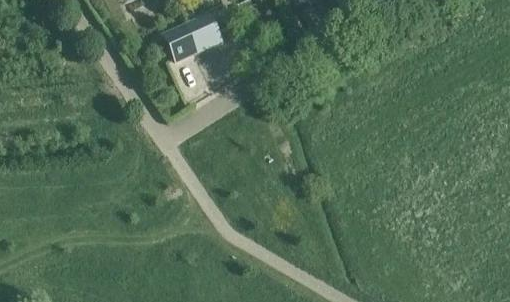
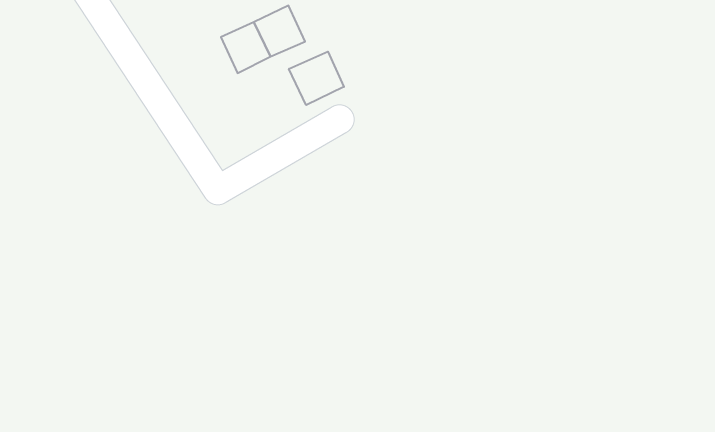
building: none -> [289,52,344,105]

